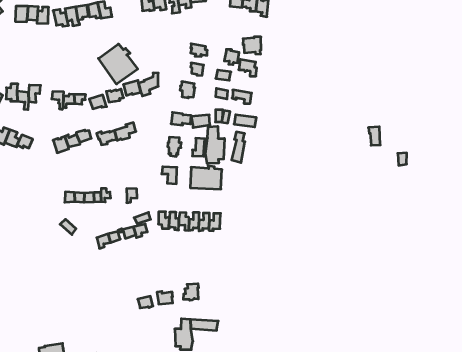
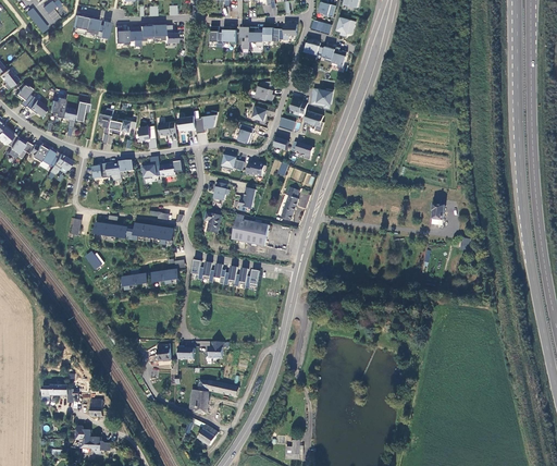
building: [98,44,138,84] -> none
building: [205,126,224,163] -> none

